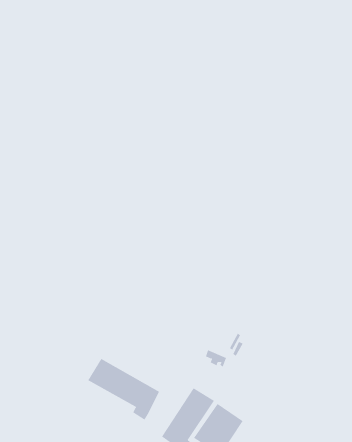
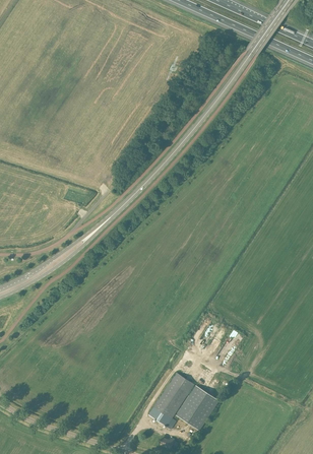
building: [88,358,160,421] -> none

